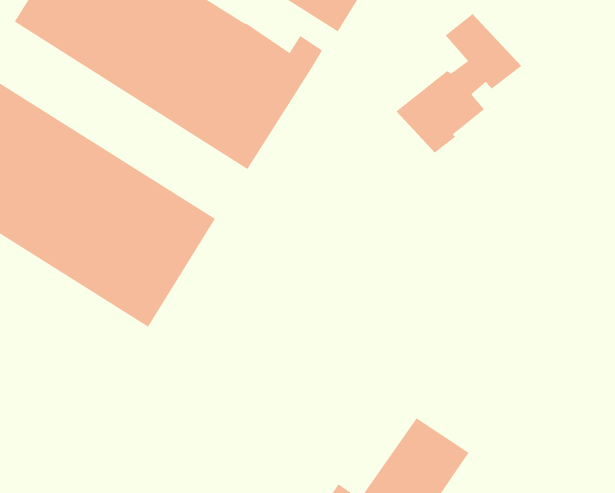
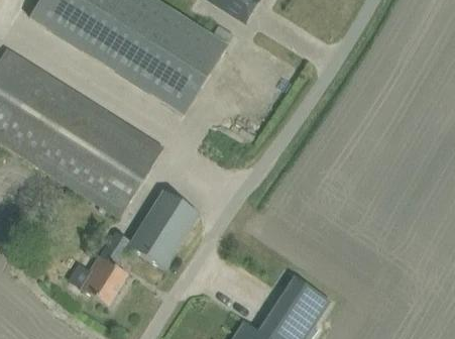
building: [395,13,522,153] -> none
building: none -> [81,190,199,305]

